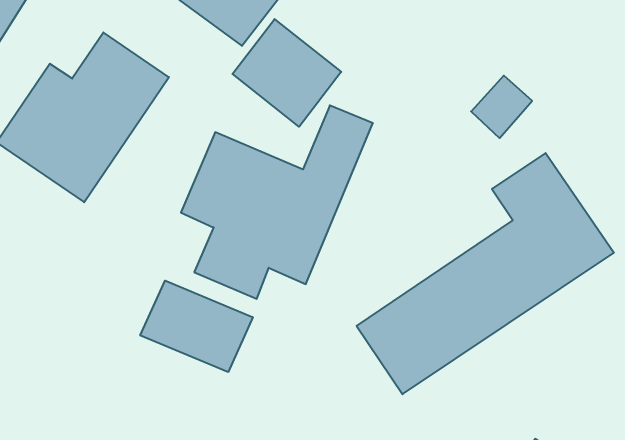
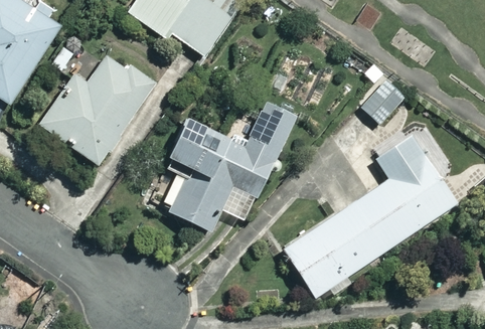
building: [232,19,341,127] -> none
building: [140,281,253,372] -> none

